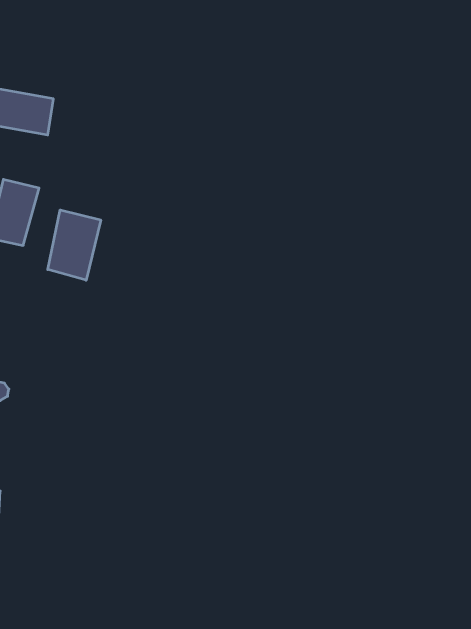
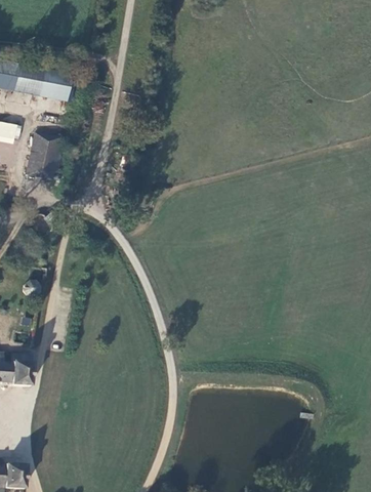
building: [48,210,101,280] -> none

